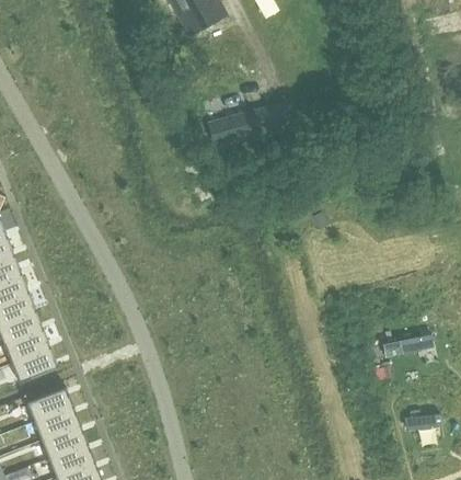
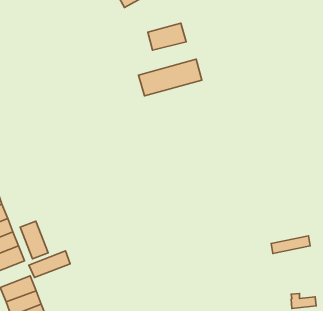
building: none -> [148,23,186,50]
building: none -> [20,221,48,259]
building: none -> [29,251,70,278]

